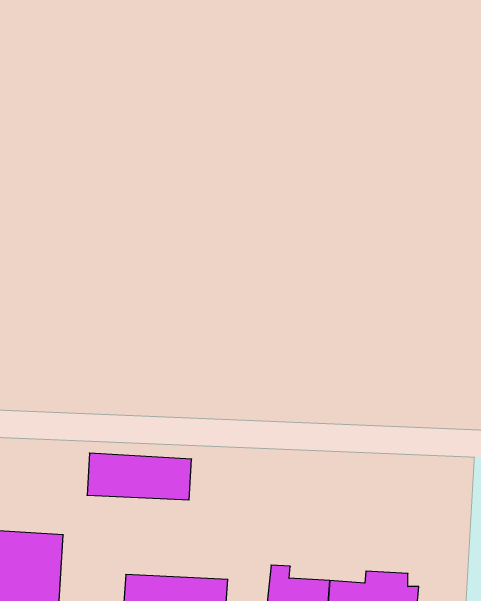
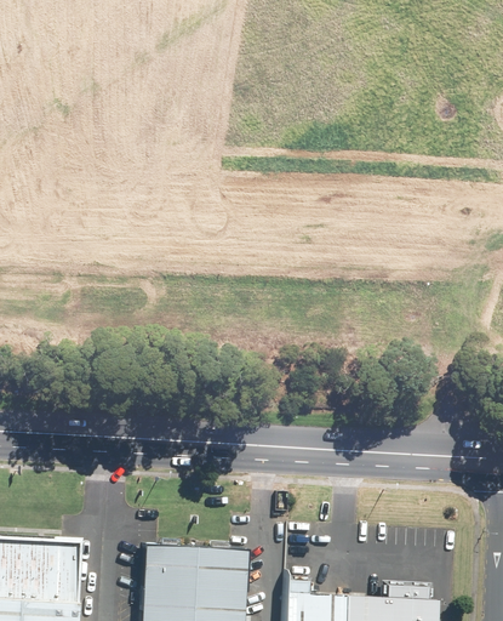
building: [87,453,192,500] -> [143,545,248,592]

